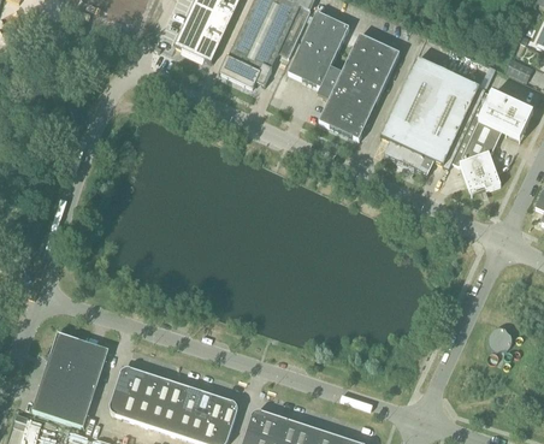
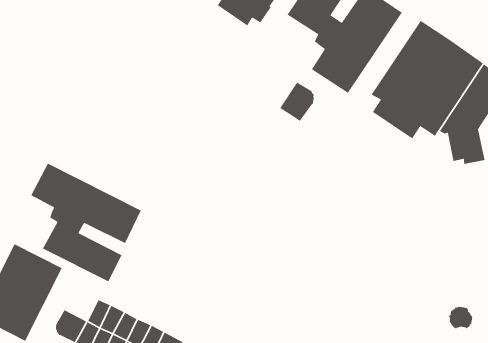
building: none -> [279,82,315,122]
building: none -> [30,163,142,283]
building: [116,367,147,396] -> none

